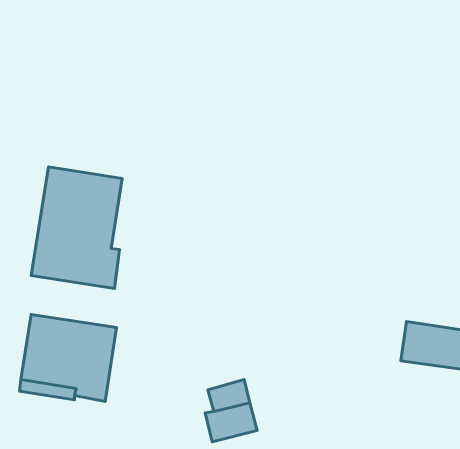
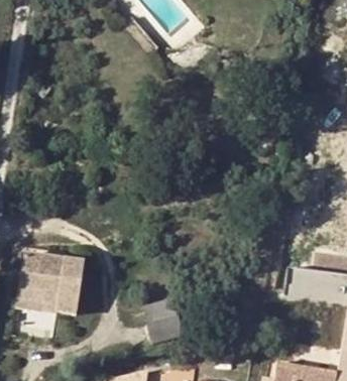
building: [31,167,122,289] -> none

